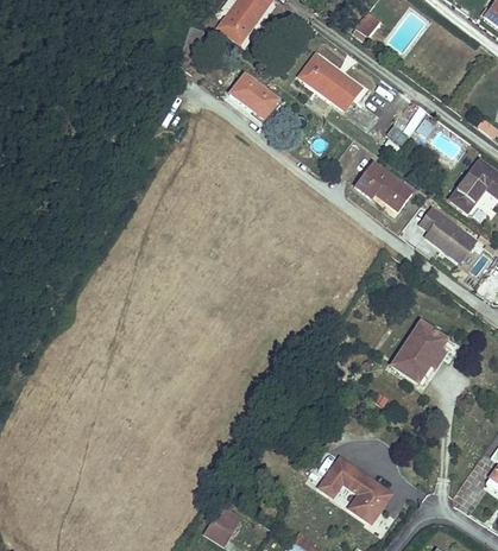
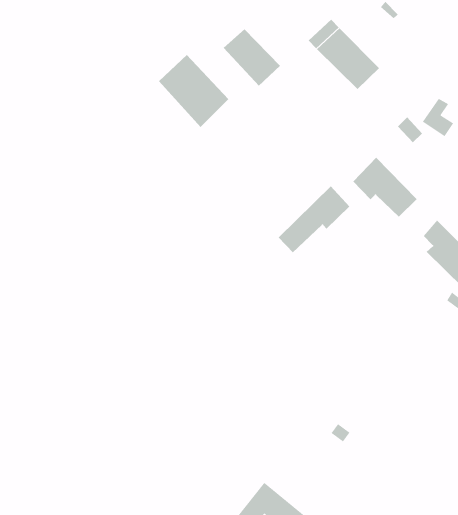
building: none -> [158,54,229,128]
building: none -> [278,185,350,253]
building: [386,315,440,378] -> none

